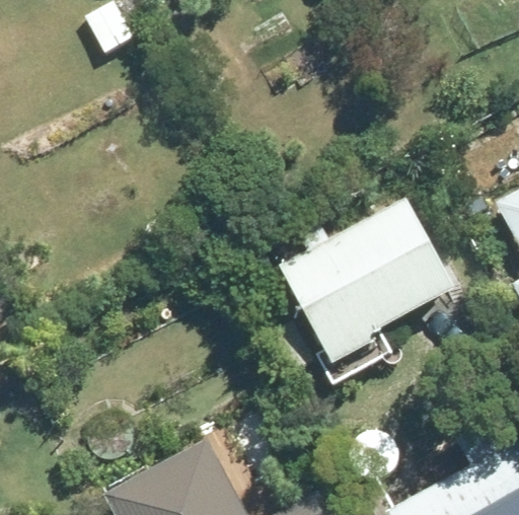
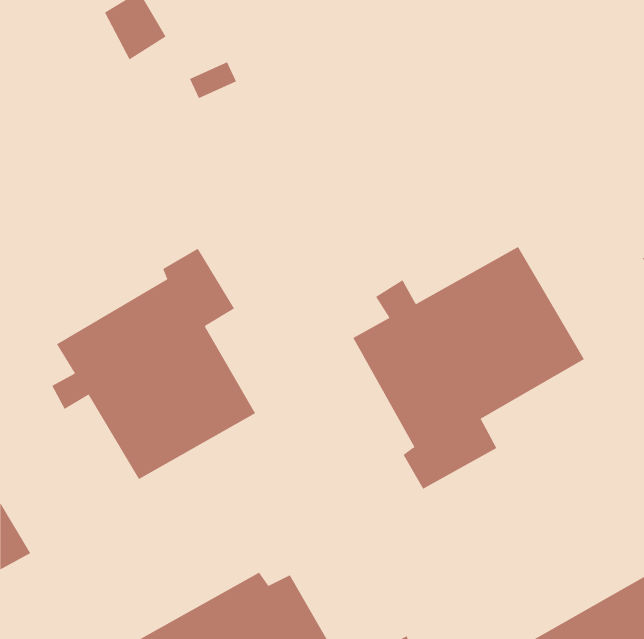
building: none -> [51,248,256,480]

